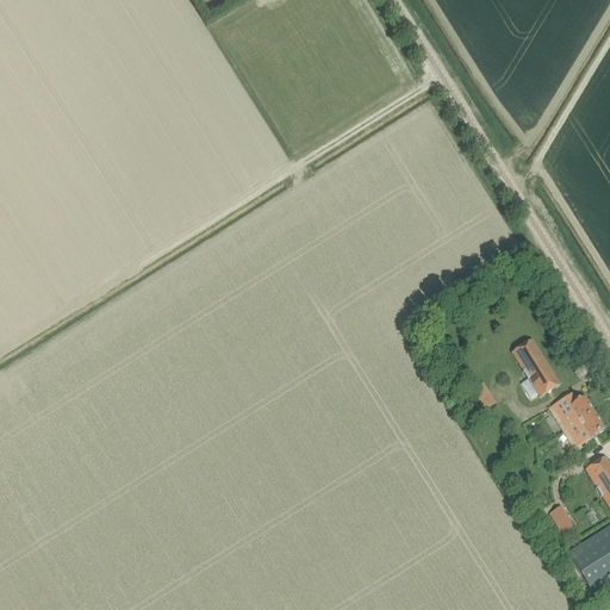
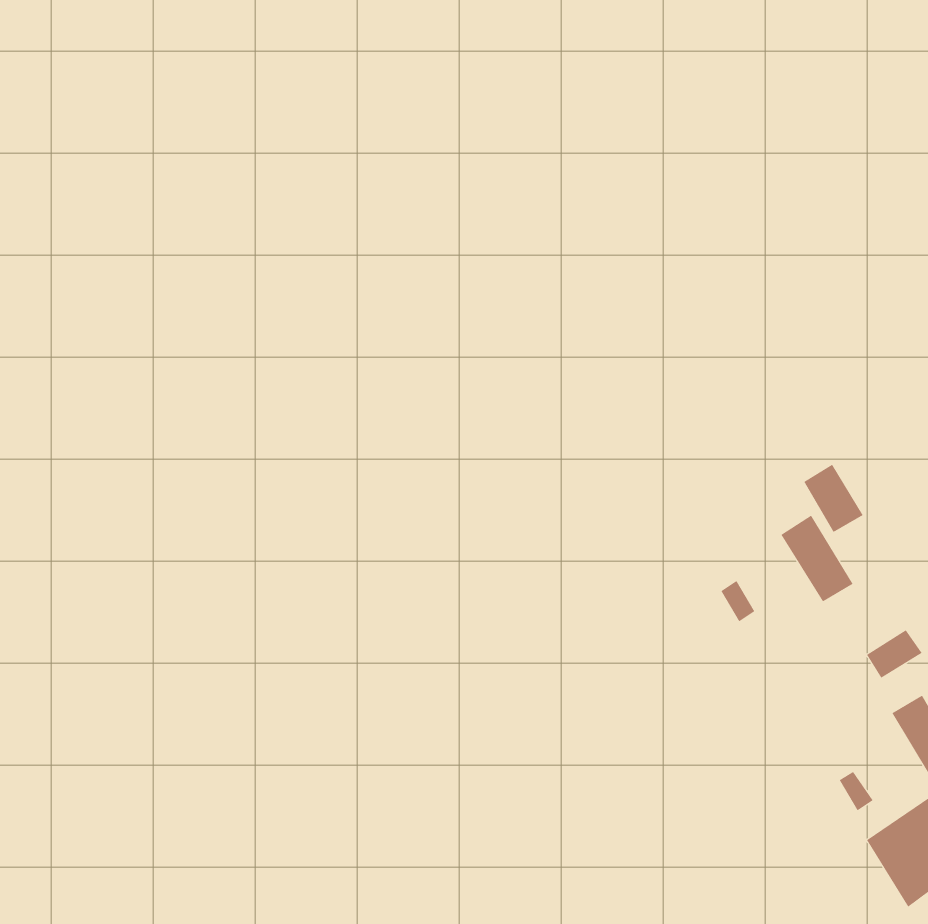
building: none -> [803,464,864,533]
building: [553,391,595,429] -> none

